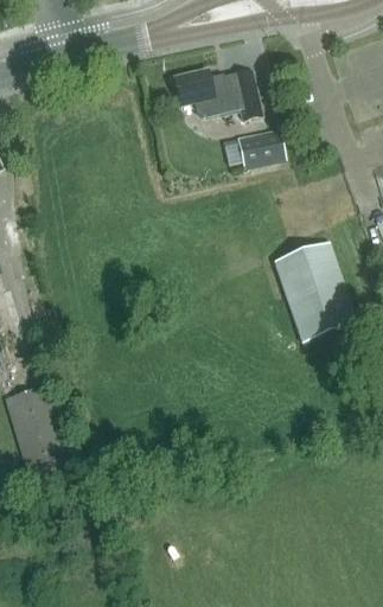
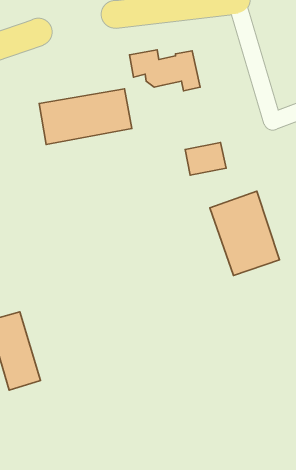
building: none -> [39,89,132,144]
building: [236,128,286,167] -> [185,143,226,175]

